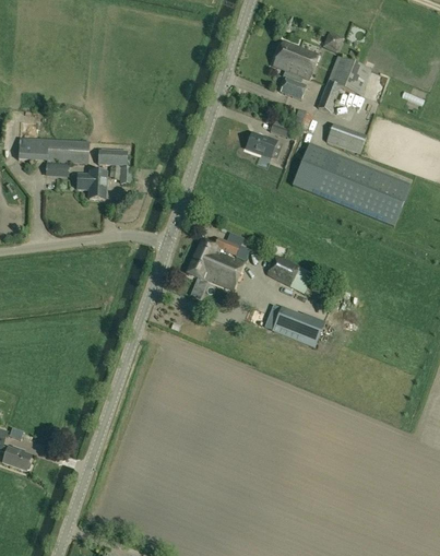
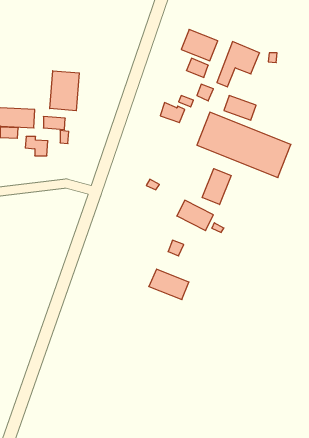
building: none -> [50,71,79,111]
building: none -> [202,169,231,205]
building: [187,236,245,289] -> none
building: [273,307,323,345] -> [149,269,189,300]

